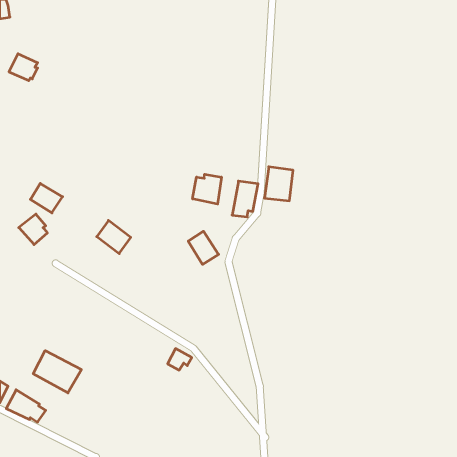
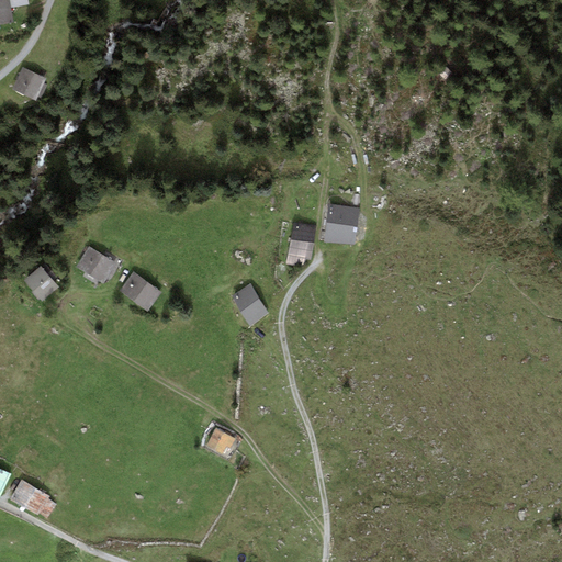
building: [193,174,221,204] -> none
building: [30,183,63,213] -> [76,246,115,282]
building: [33,351,81,393] -> none

